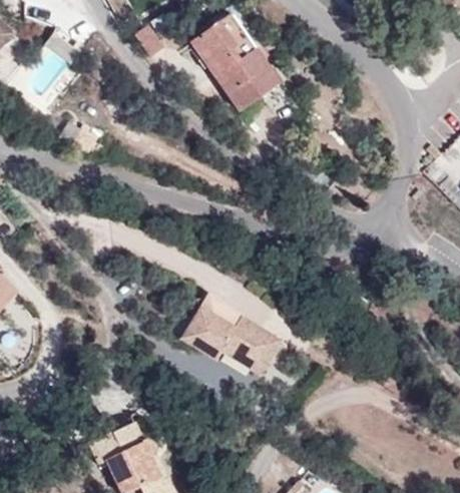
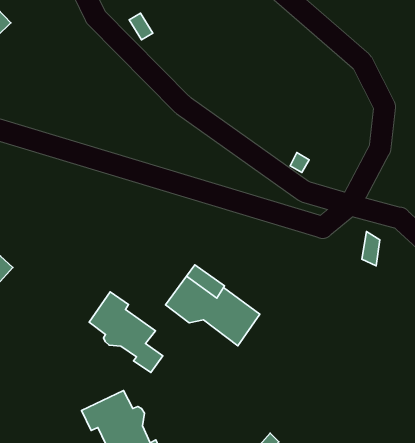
building: [194,19,278,109] -> none
building: none -> [89,292,163,372]

